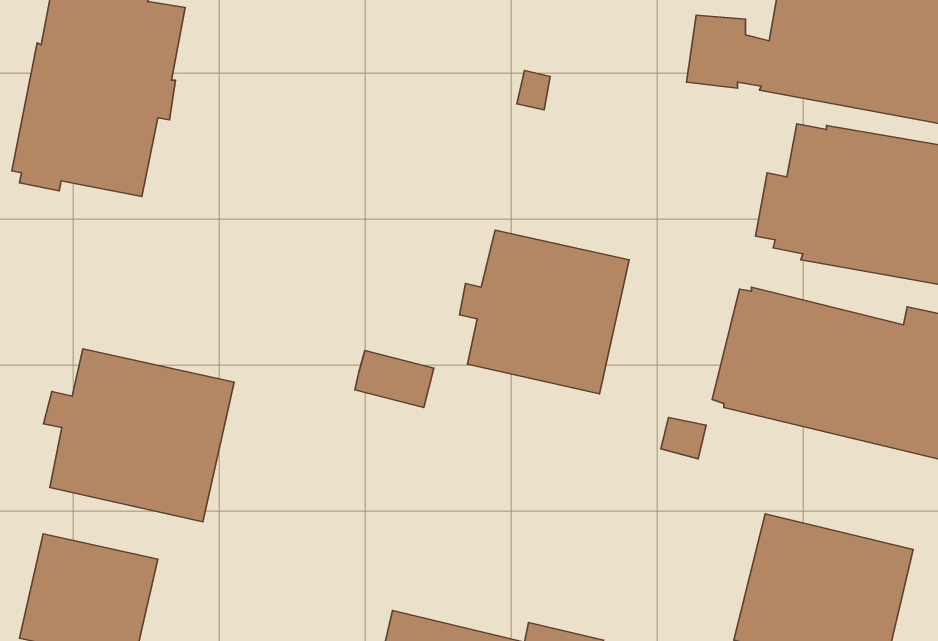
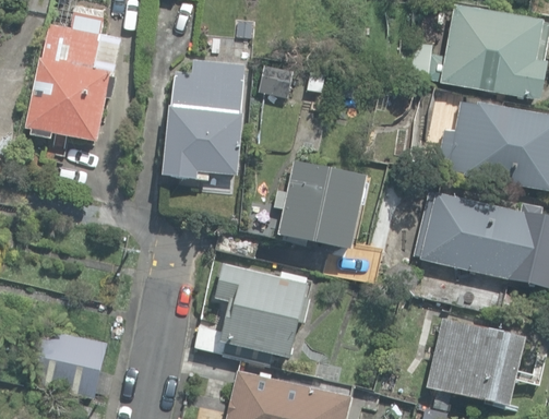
building: none -> [163,60,246,180]
building: [44,349,234,522] -> none
building: none -> [194,262,310,358]

